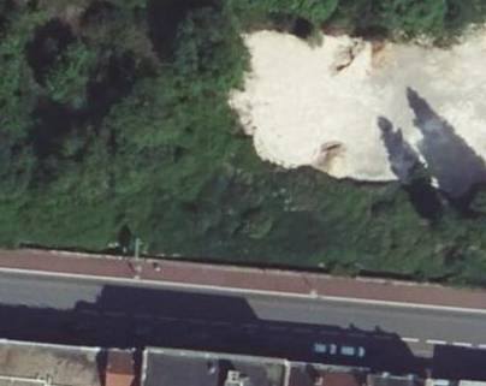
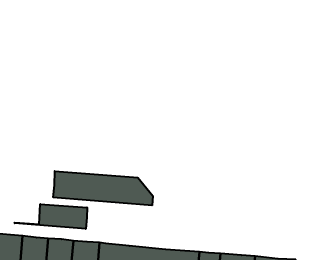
building: none -> [53,171,153,205]
building: none -> [15,204,87,229]

